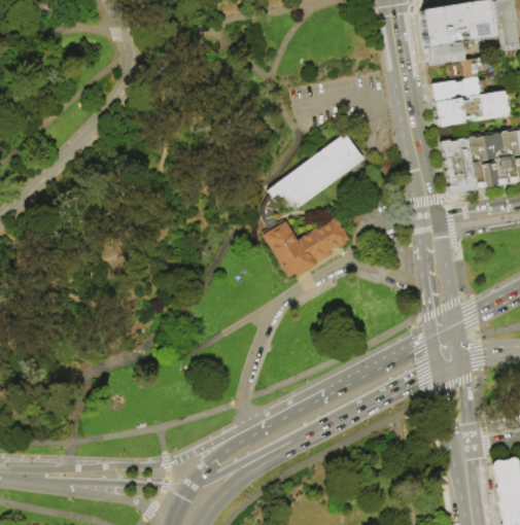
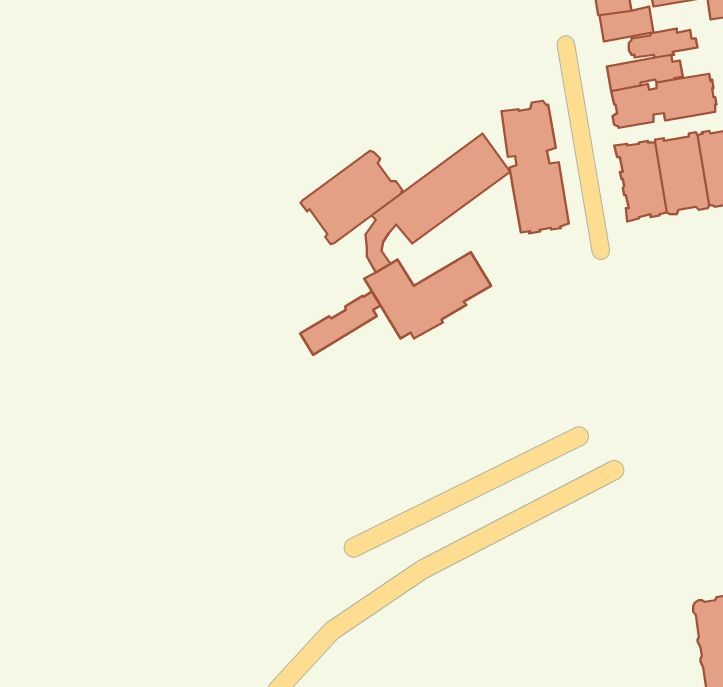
building: none -> [501,101,569,233]
building: none -> [301,151,402,244]
building: none -> [300,291,380,355]

